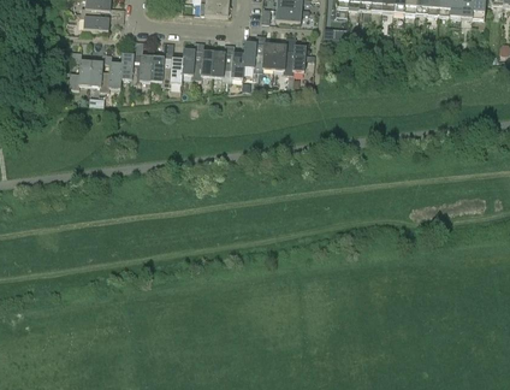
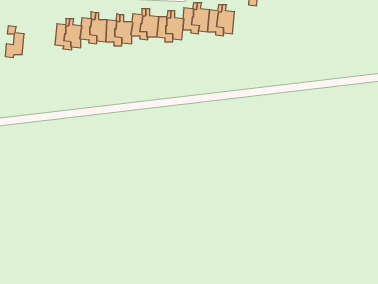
building: [69,48,91,87] -> [5,26,24,58]

